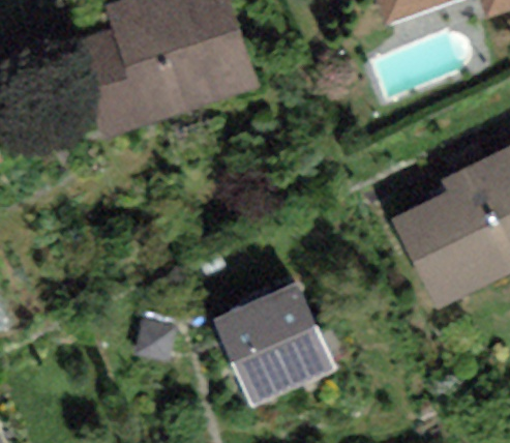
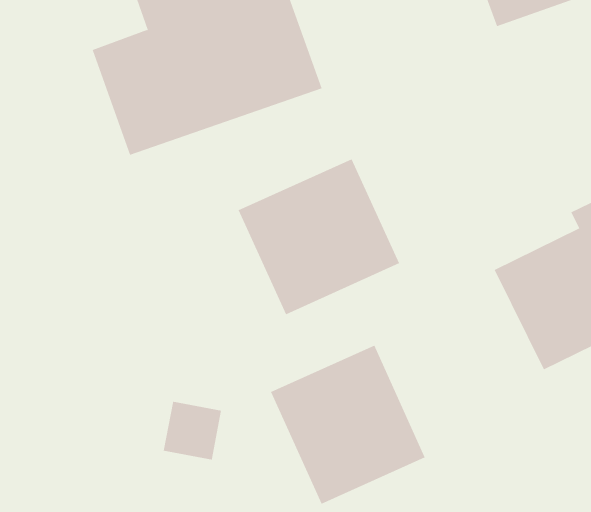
building: none -> [238,158,400,315]

